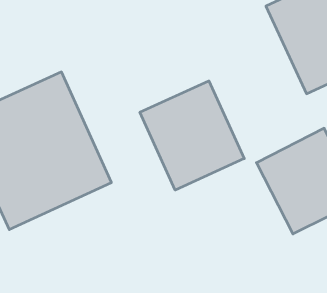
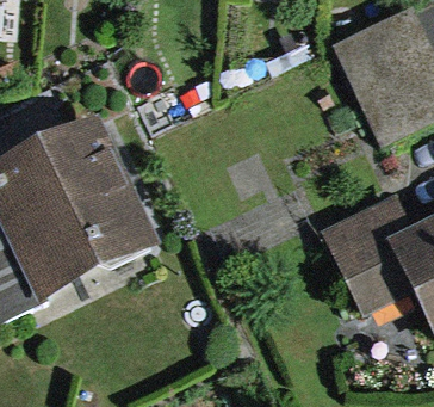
building: [140,81,244,190] -> none

